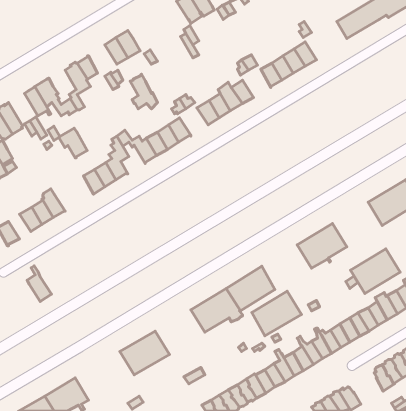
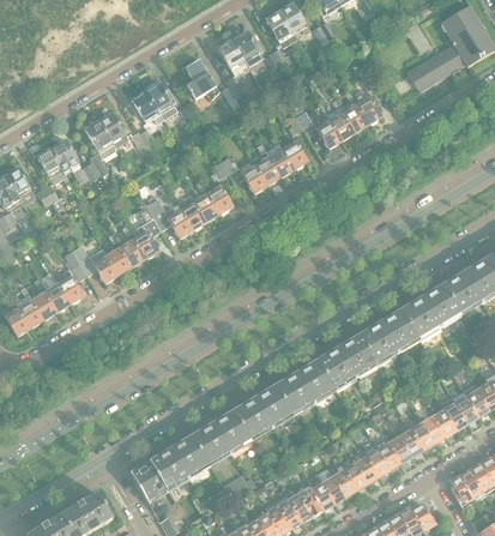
building: [130,74,158,109] -> [186,58,218,98]
building: [48,126,87,158] -> [72,246,119,283]
building: [350,249,400,293] -> [402,284,460,337]
building: [27,266,51,301] -> [16,285,44,327]
building: [252,291,301,336] -> [318,335,376,387]
building: none -> [192,411,250,464]
building: none -> [129,460,167,502]

